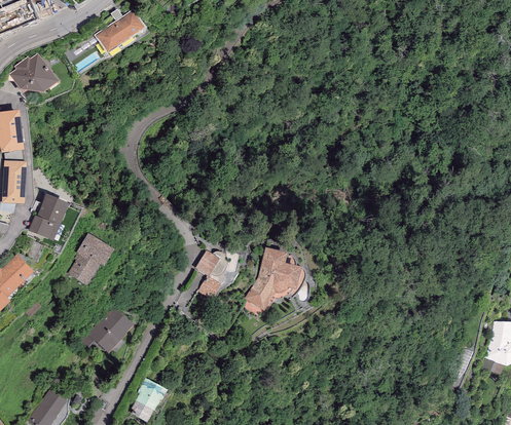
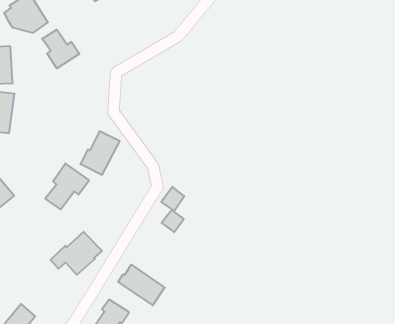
building: none -> [42,30,79,68]
building: [28,194,69,241] -> [80,131,120,175]
building: [244,247,301,311] -> none
building: none -> [118,265,165,305]

